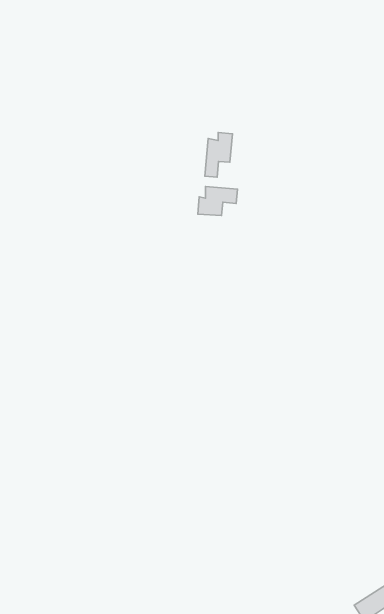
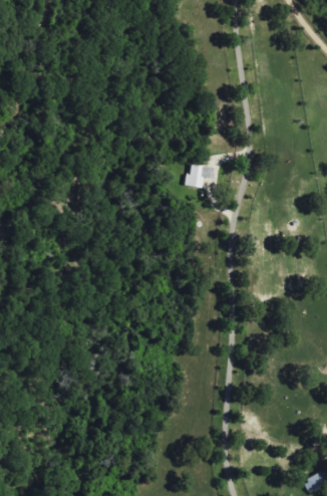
building: [205,133,233,177] -> none

